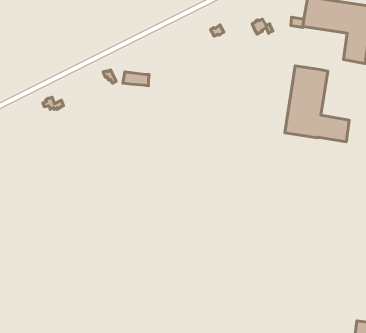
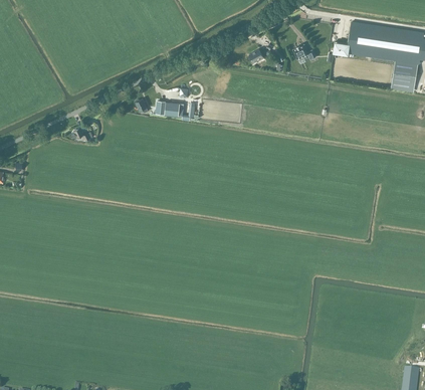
building: [285,66,349,142] -> none

